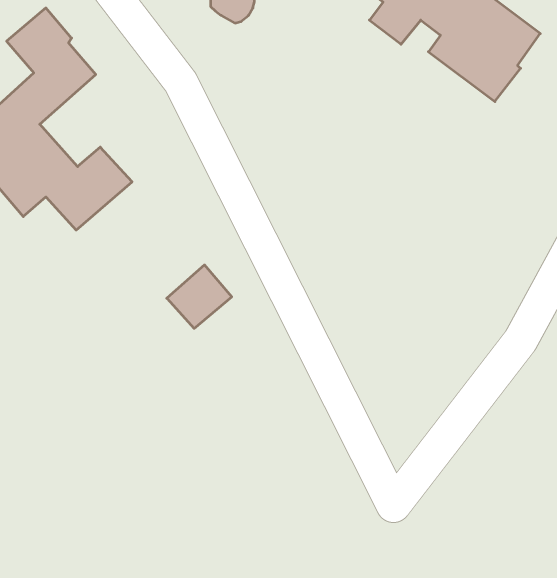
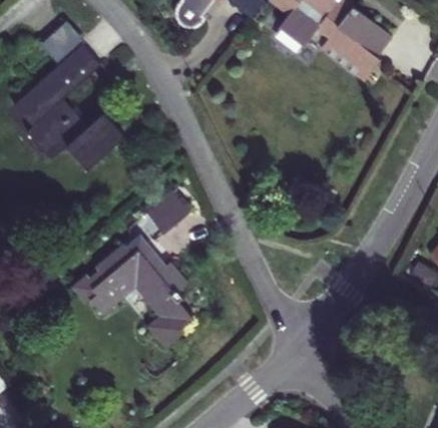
building: none -> [69,235,196,350]

